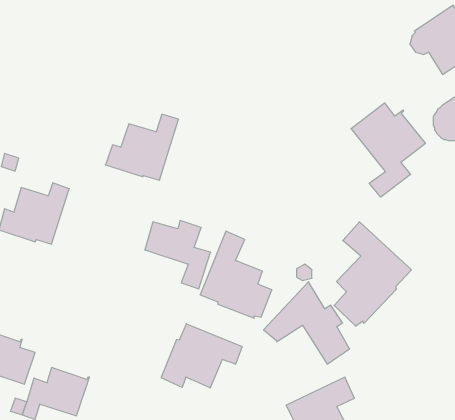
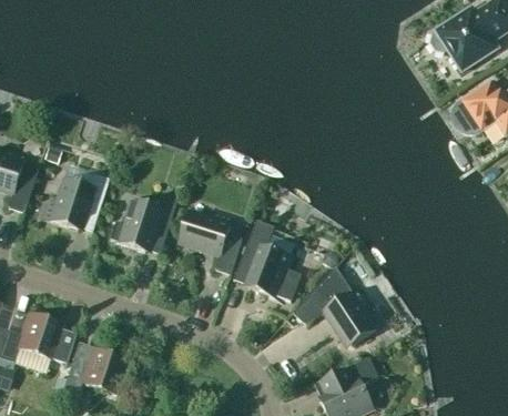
building: [351,103,425,197] -> none
building: [105,114,178,180] -> [109,191,177,253]
building: [334,222,411,326] -> none
building: [161,324,242,388] -> none

